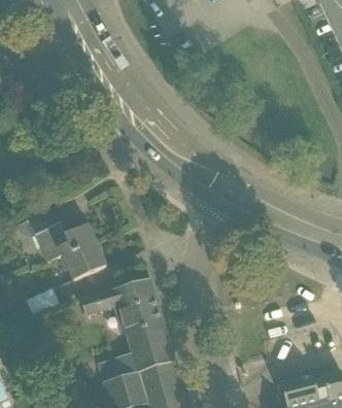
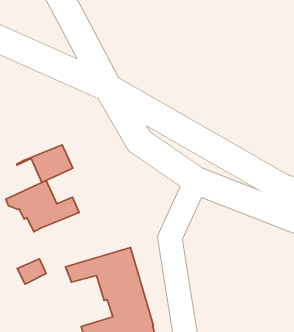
building: [46,240,106,280] -> [17,145,73,183]

